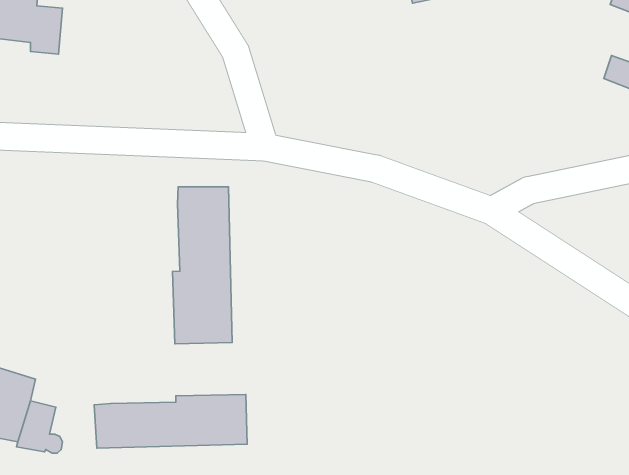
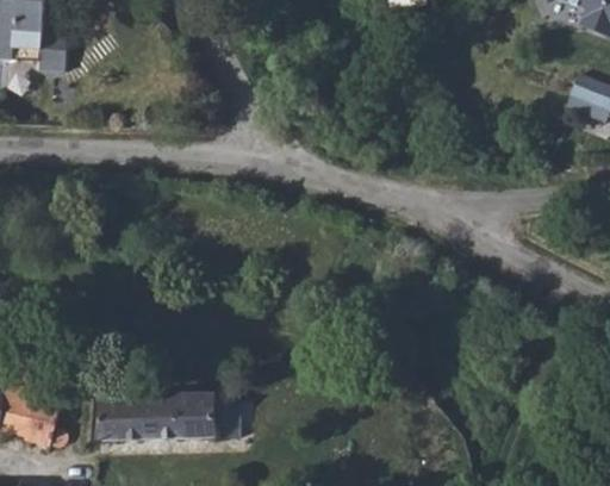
building: [172,187,232,344] -> none

